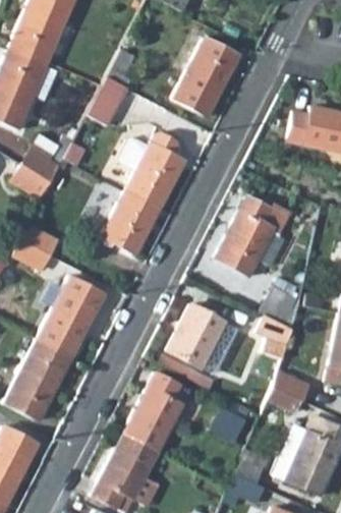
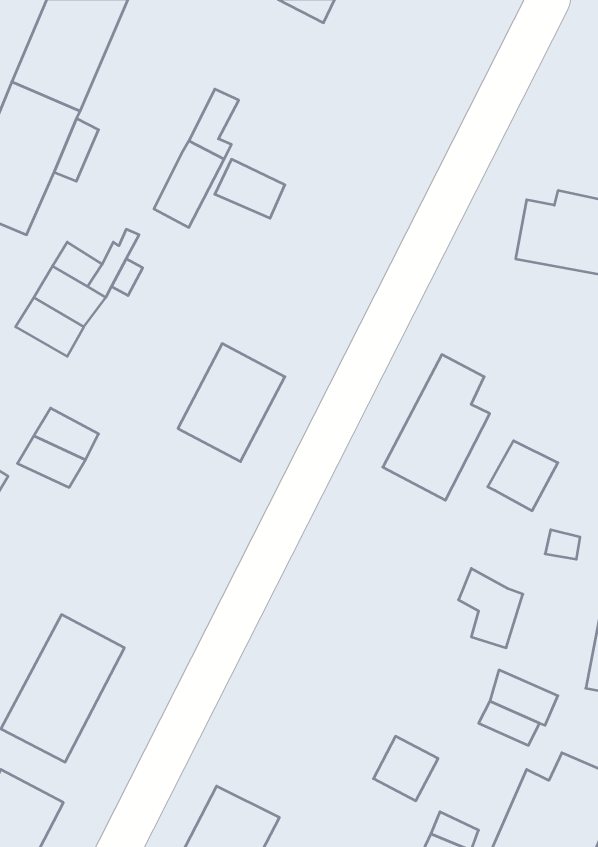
building: [173,39,239,117] -> none
building: [119,133,184,209] -> none
building: [38,277,105,358] -> none
building: [260,287,298,326] -> [488,441,558,511]
building: [167,304,226,368] -> none
building: [123,372,190,452] -> none

